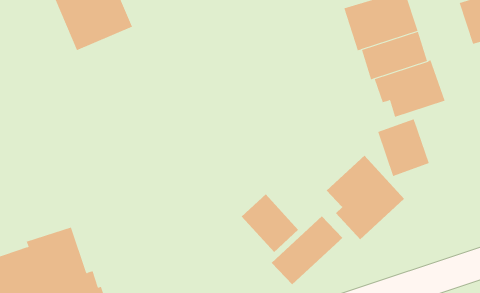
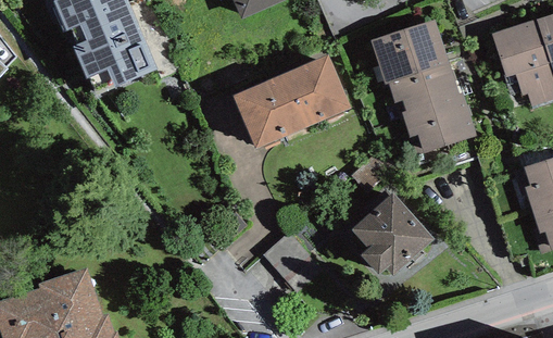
building: none -> [231,55,349,149]
building: [377,118,429,177] -> none
building: [271,215,343,285] -> none

